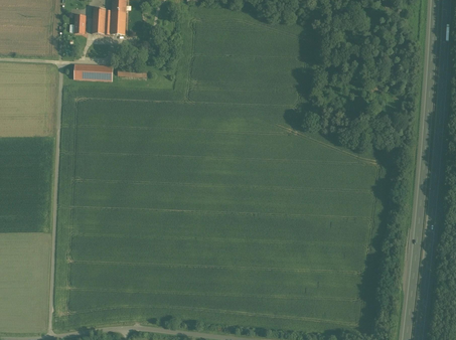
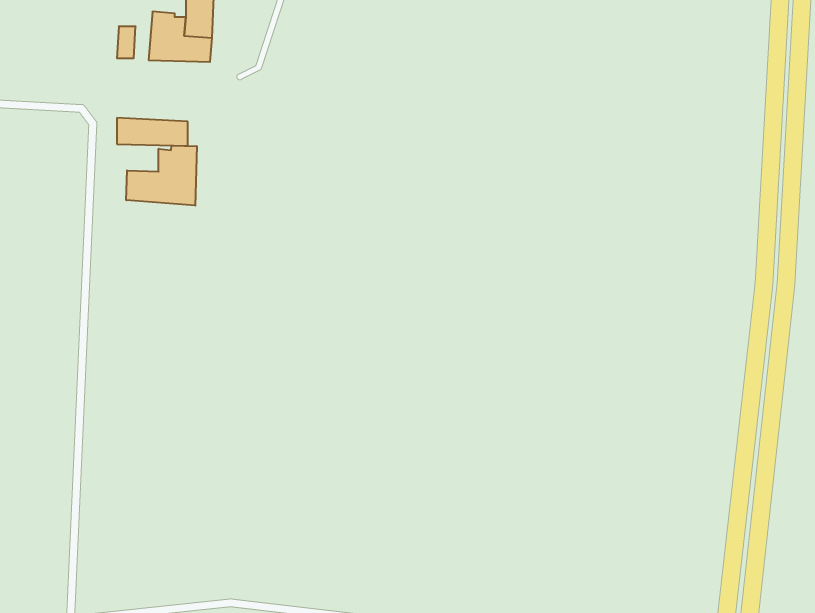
building: none -> [126,146,197,206]

